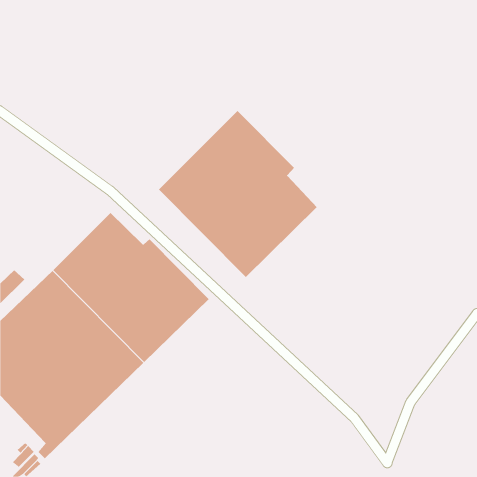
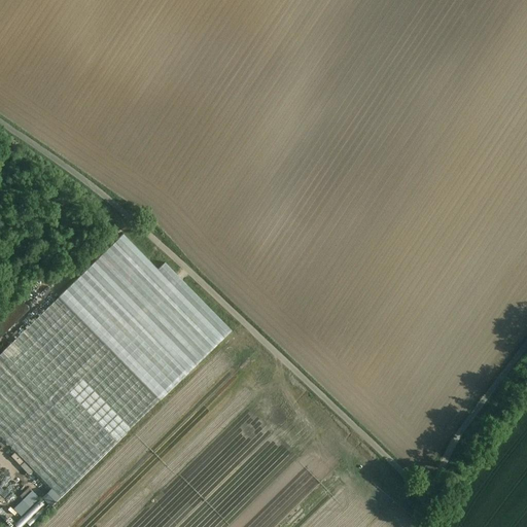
building: [158,110,318,278] -> none

